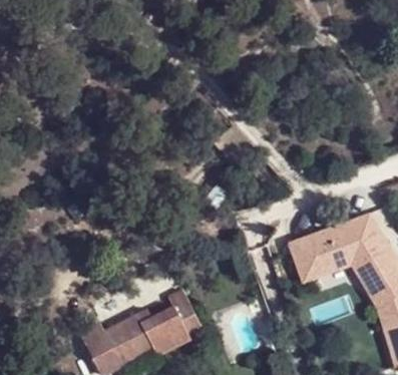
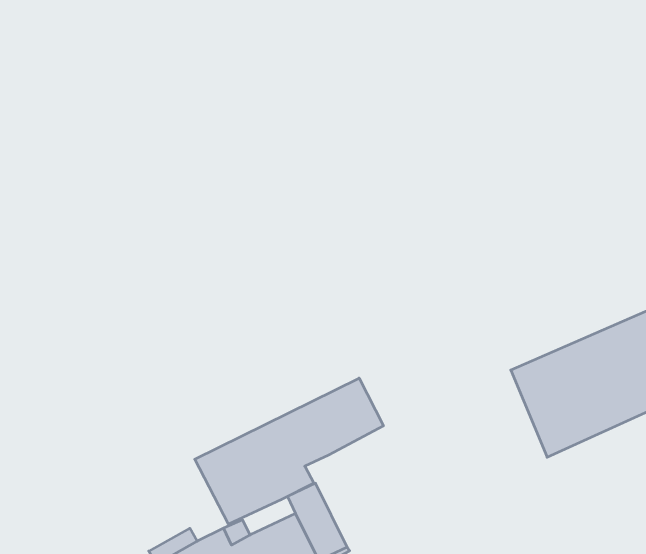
building: none -> [195,378,383,524]

